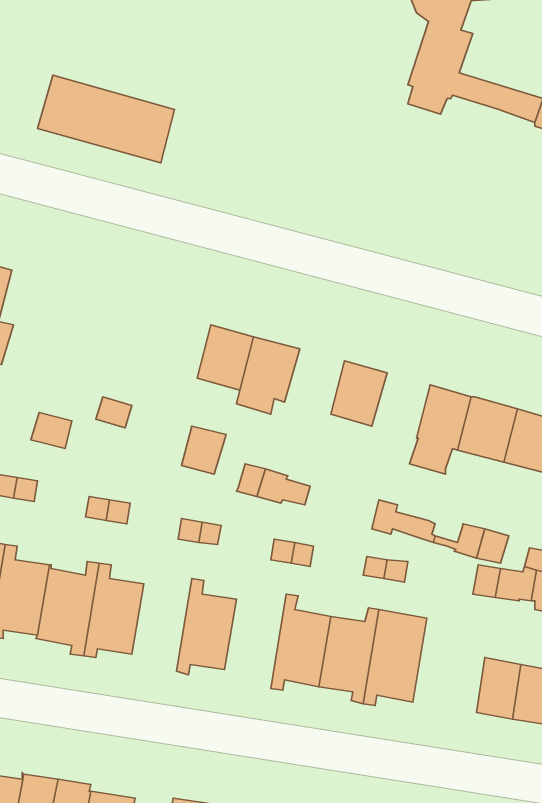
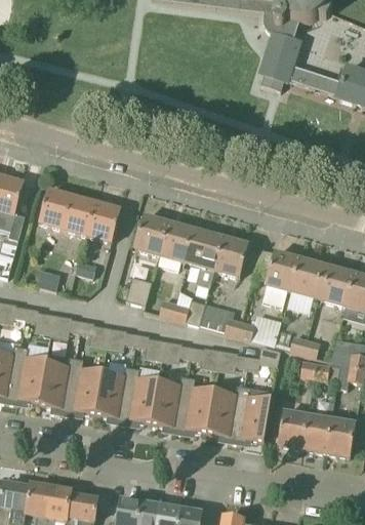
building: [37,75,175,163] -> [38,189,120,241]
building: none -> [187,230,222,286]
building: none -> [200,301,243,337]
building: none -> [95,366,131,422]
building: none -> [151,375,188,433]
building: none -> [277,410,307,447]

